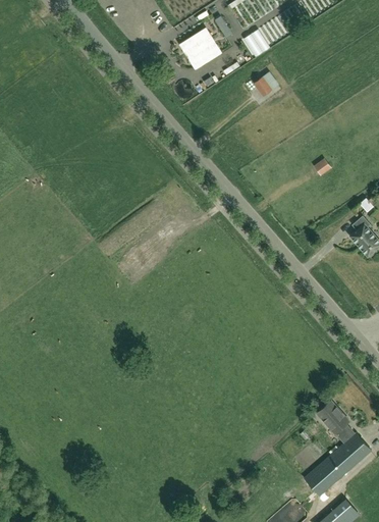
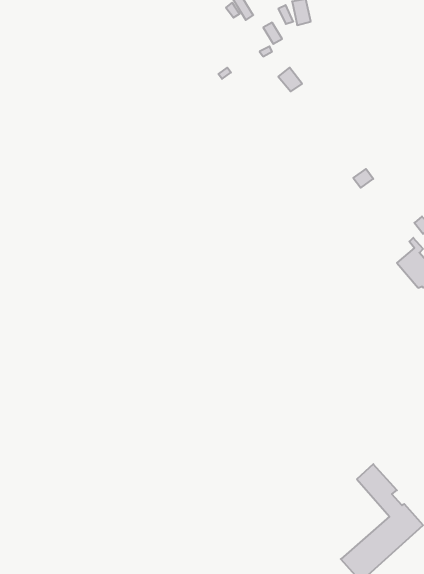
building: [183,34,222,69] -> none

